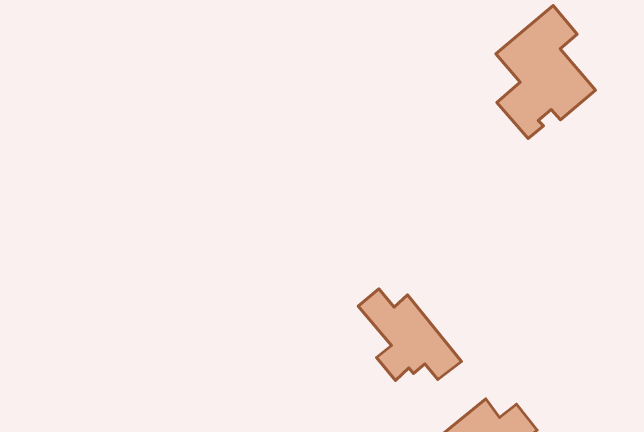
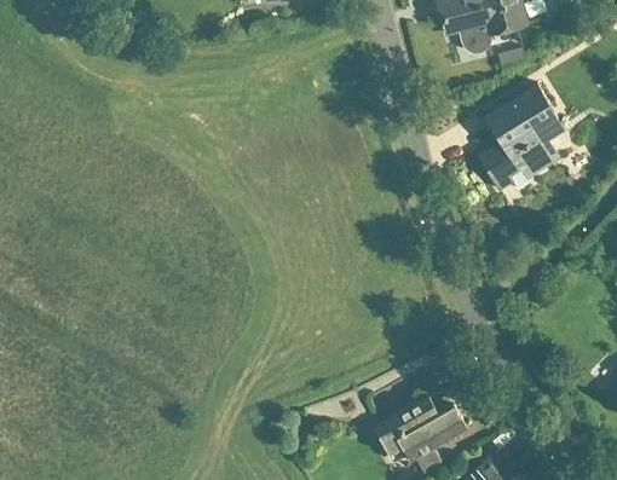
building: [358,289,462,380] -> none

